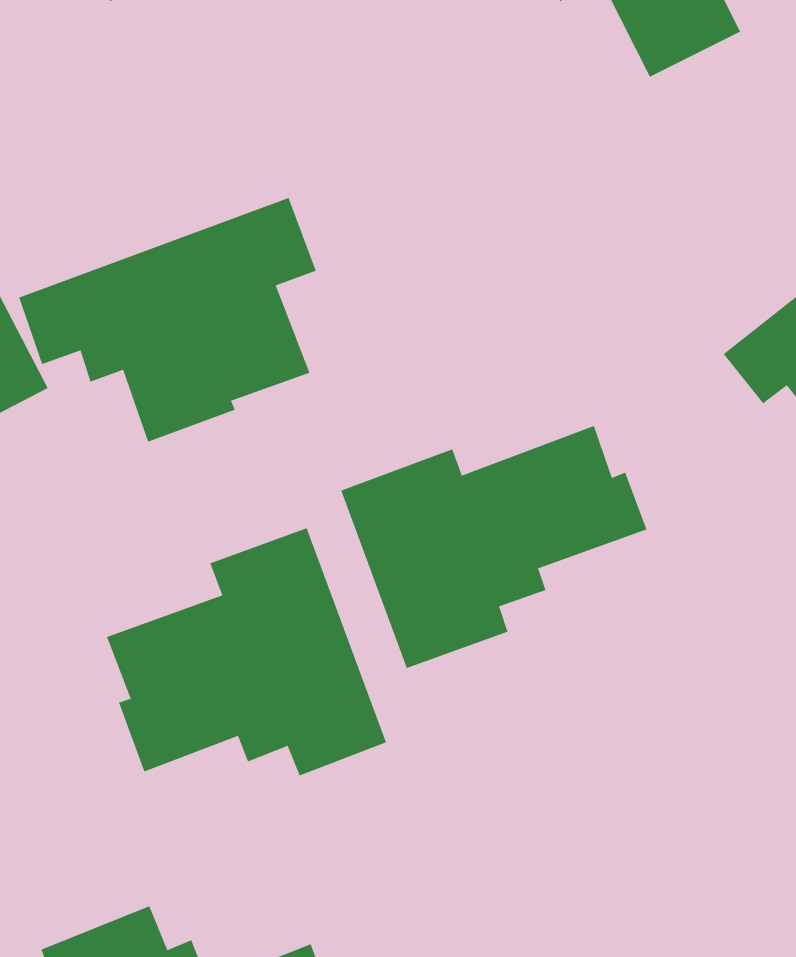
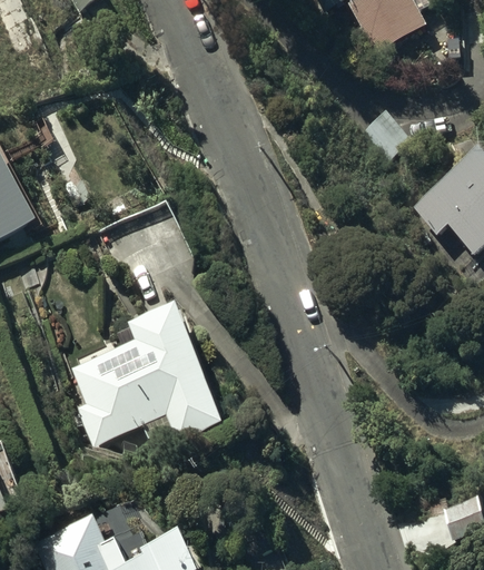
building: [19,197,317,443] -> none
building: [340,425,647,669] -> none

